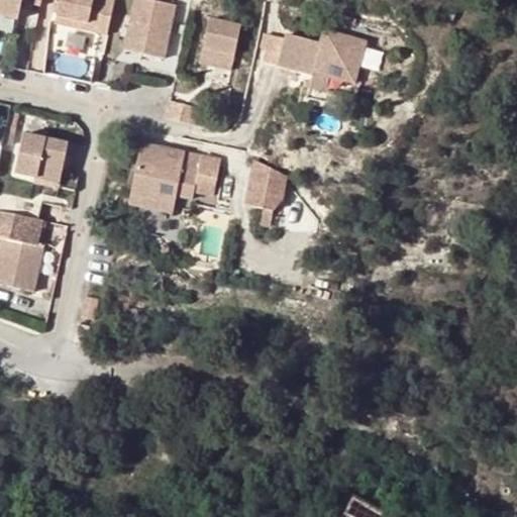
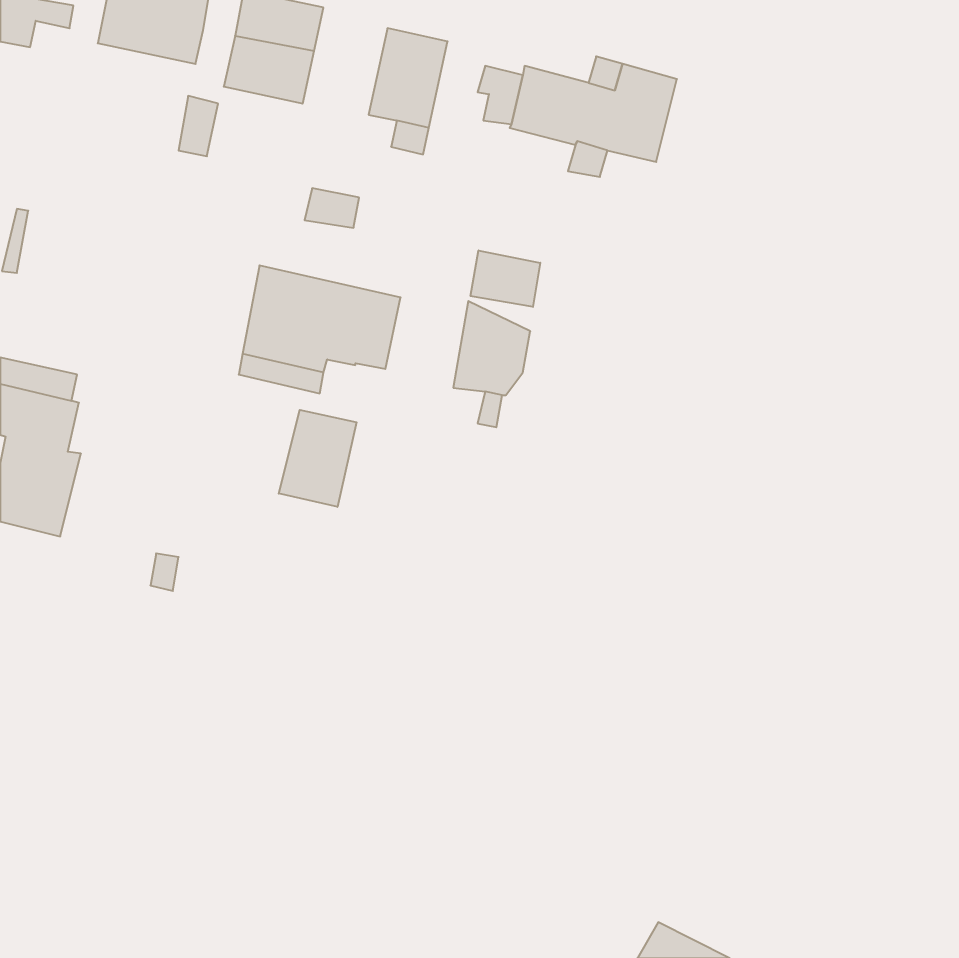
building: [15,129,68,179] -> none
building: none -> [471,250,540,307]
building: none -> [279,410,357,507]

